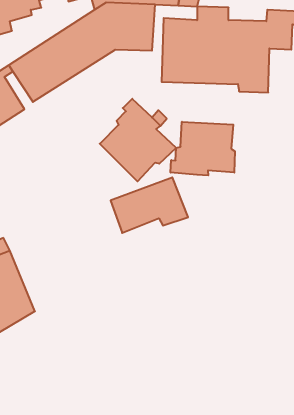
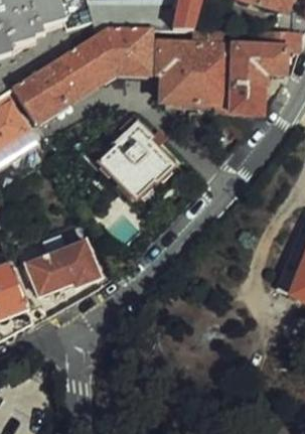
building: [171,122,235,175] -> none
building: [111,177,188,233] -> [28,242,103,295]

